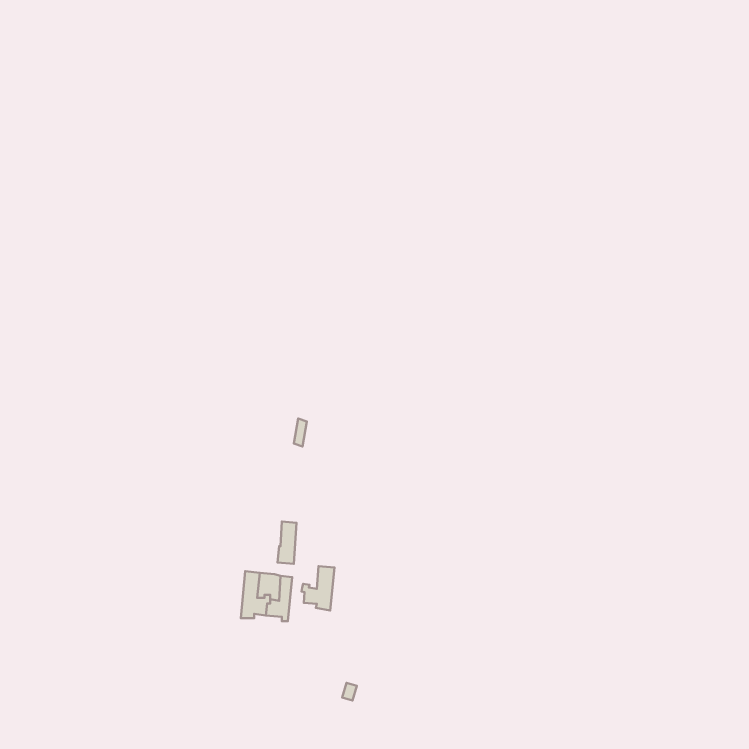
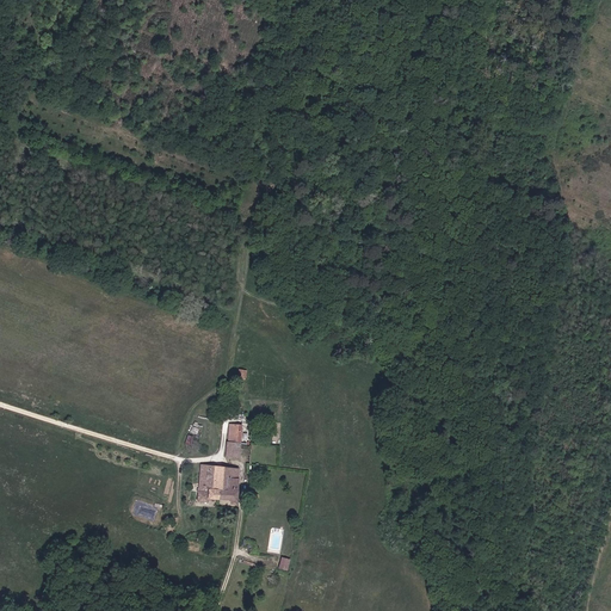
building: [301,566,335,610] -> none

